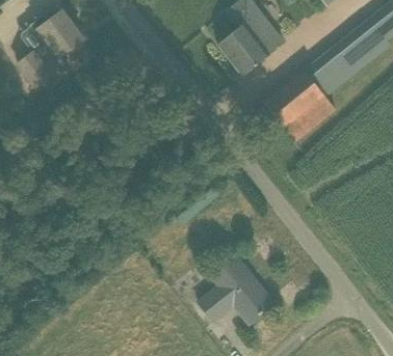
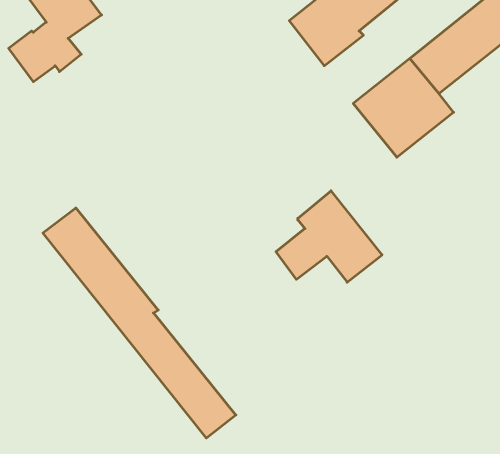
building: none -> [43,208,236,438]
building: [198,258,273,324] -> [276,191,382,282]

